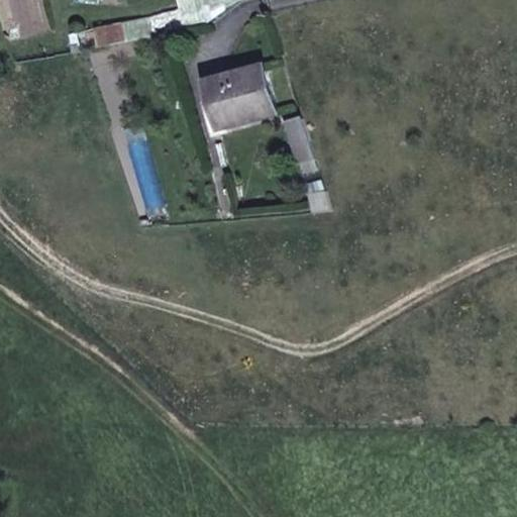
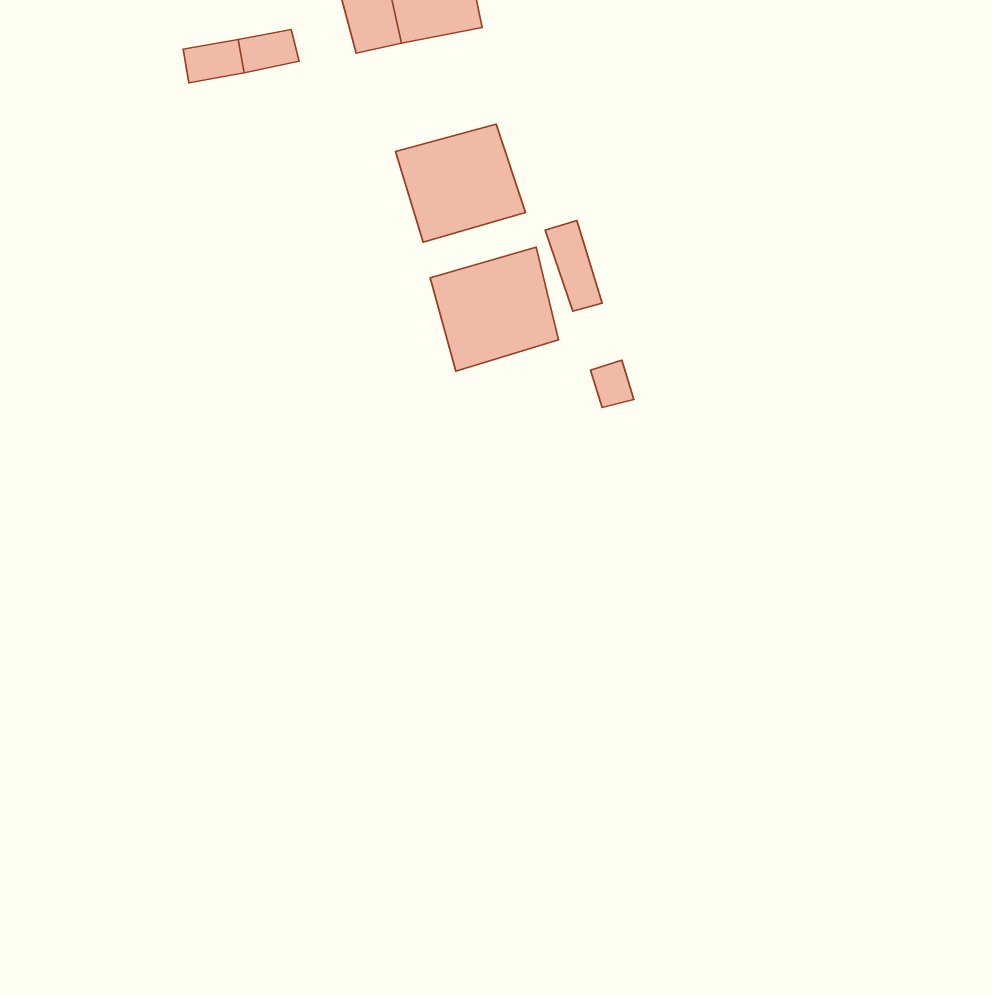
building: none -> [430,247,559,371]

